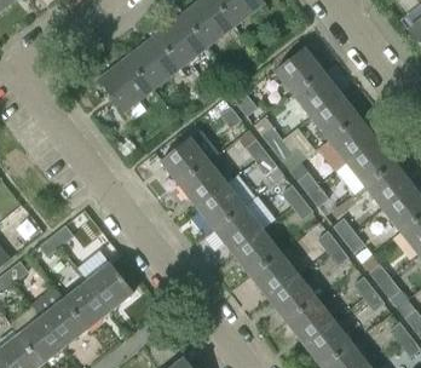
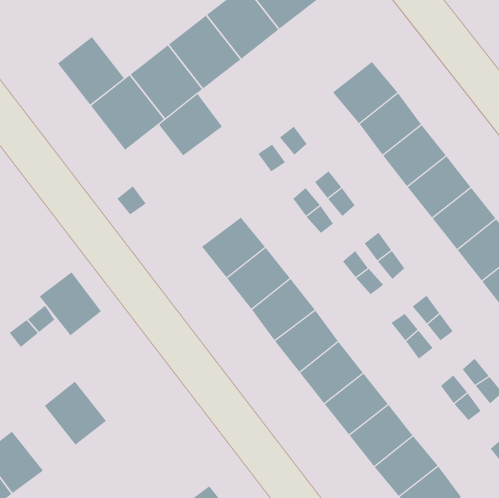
building: none -> [57,36,125,106]
building: [160,137,207,183] -> [158,93,223,156]
building: [86,263,132,310] -> [39,272,102,336]
building: [40,299,86,346] -> none

